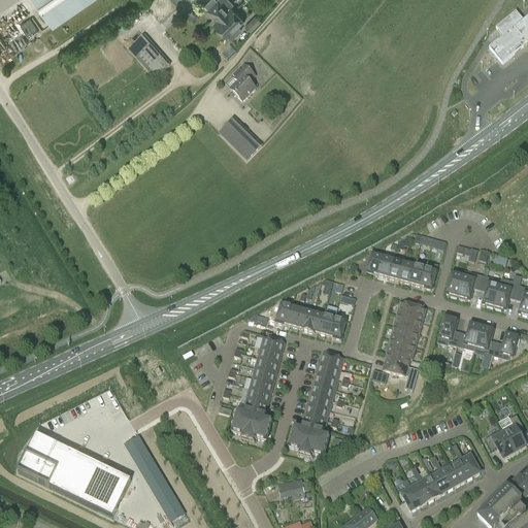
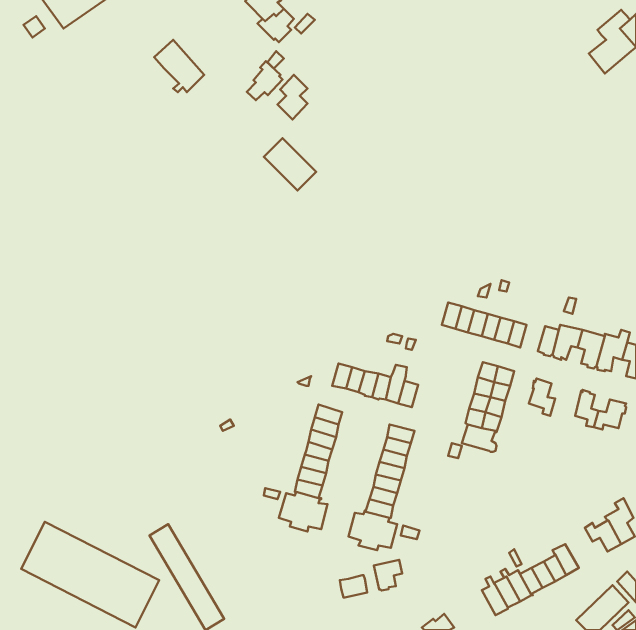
building: none -> [247,61,282,100]
building: [456,321,482,350] -> none
building: none -> [374,560,402,590]

